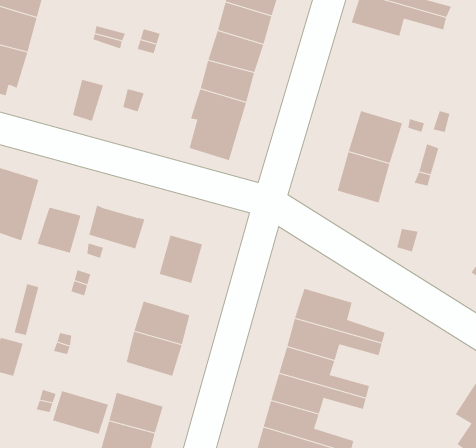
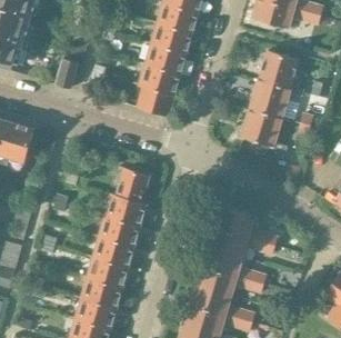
building: none -> [259,50,298,89]
building: [89,205,145,249] -> [106,193,146,225]
building: [37,207,81,253] -> none
building: [52,390,109,434] -> [87,258,127,289]

